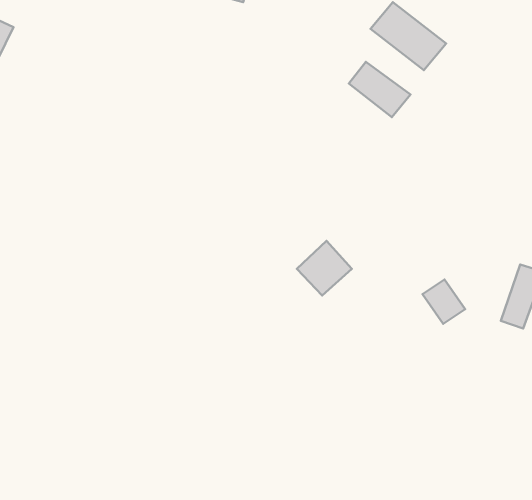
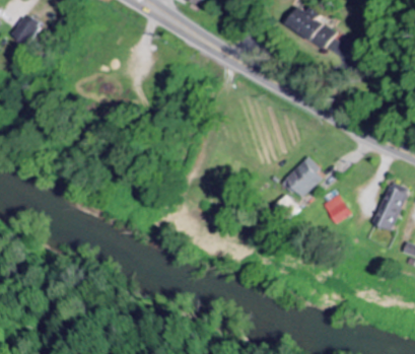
building: [349,62,410,117] -> none
building: [297,241,352,296] -> [287,159,325,197]

